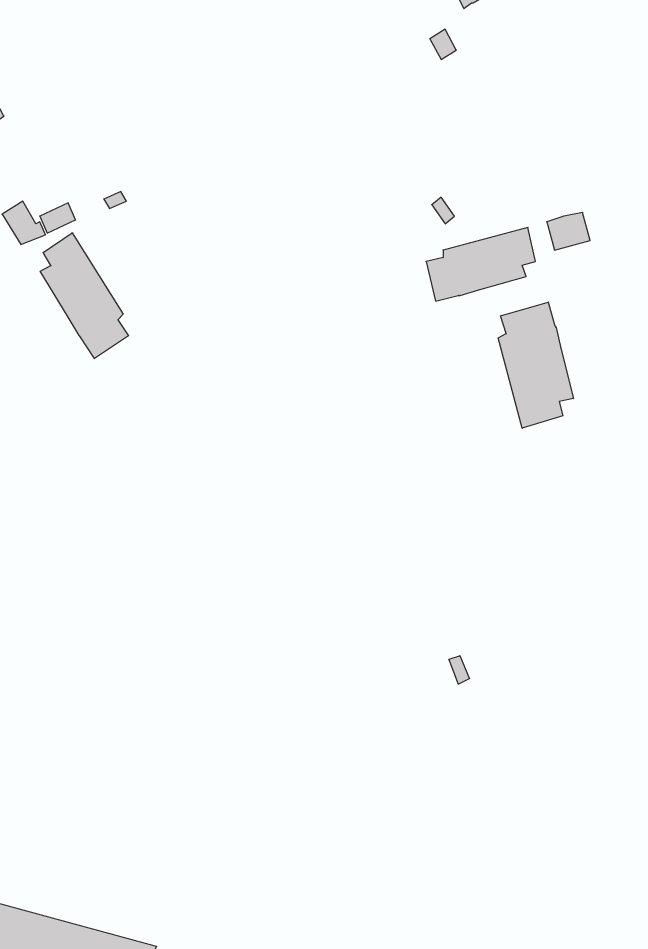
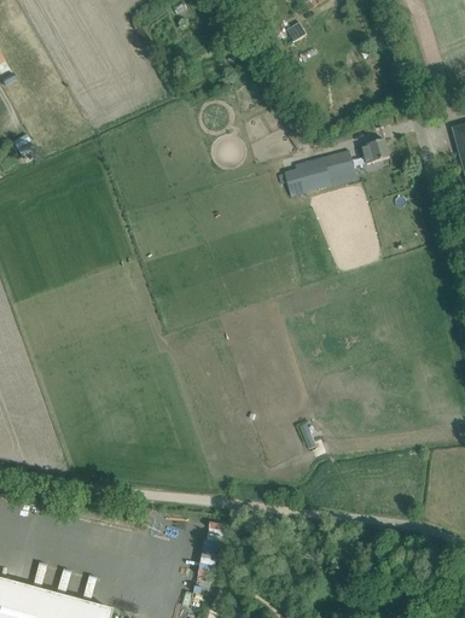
building: [40,233,129,359] -> none
building: [498,302,573,428] -> none

